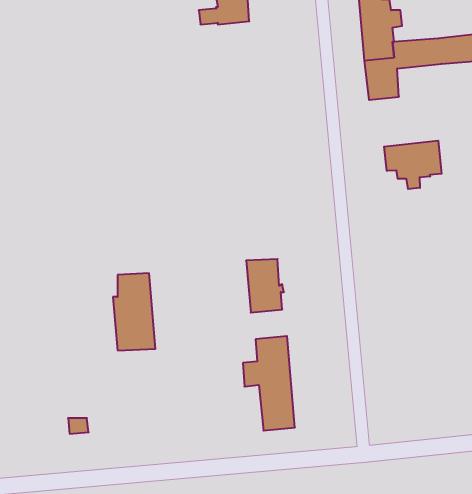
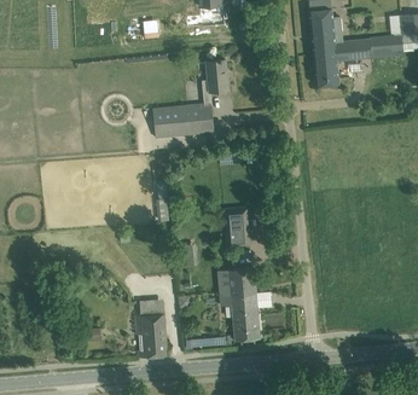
building: none -> [153,59,228,138]
building: [384,141,442,189] -> none
building: [113,273,155,350] -> [135,298,168,358]

